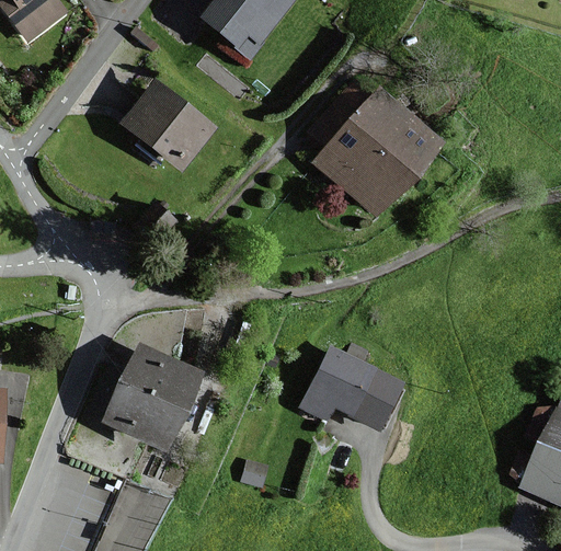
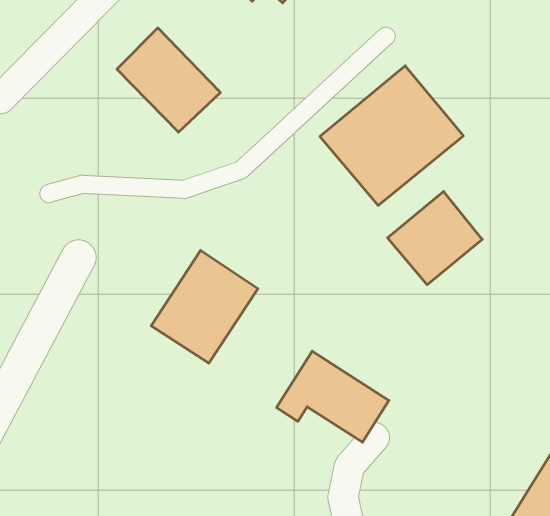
building: none -> [388,191,482,285]
building: [112,349,203,449] -> [151,250,258,363]

